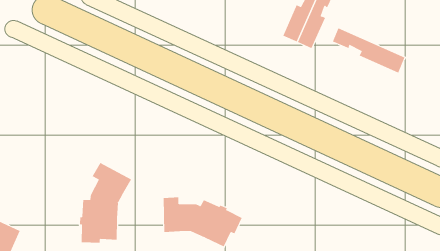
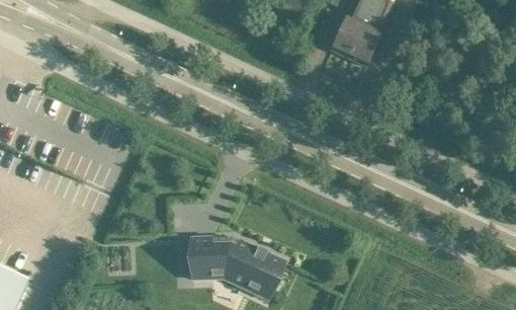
building: [332,28,405,73] -> none
building: [79,162,132,244] -> none

